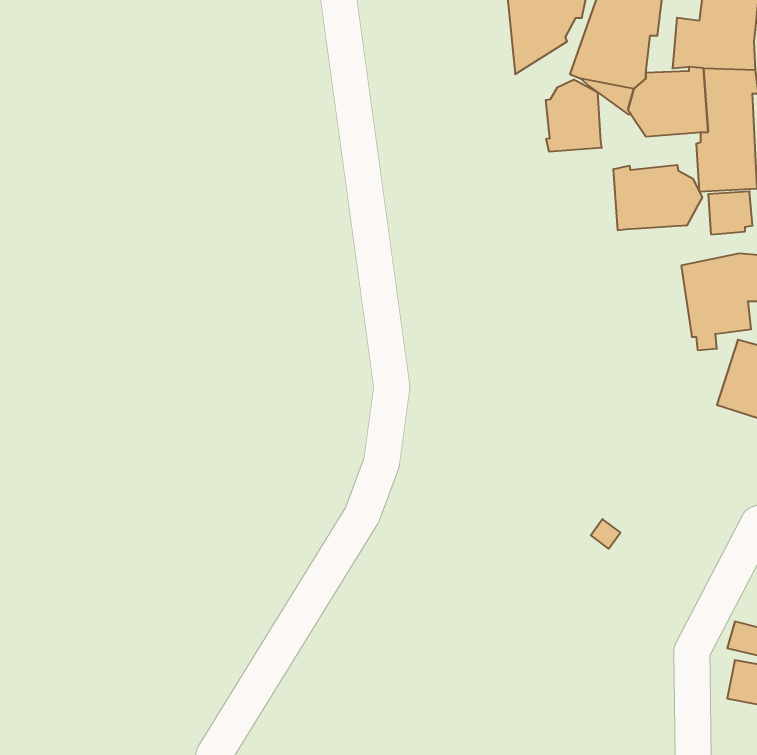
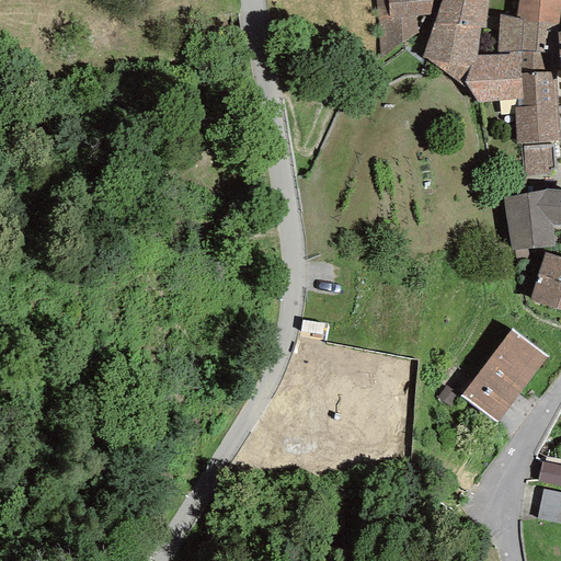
building: [546,80,602,152] -> none
building: [613,165,702,230] -> none
building: none -> [462,329,548,421]

